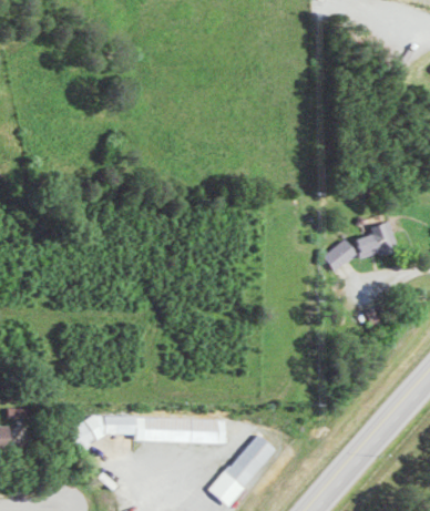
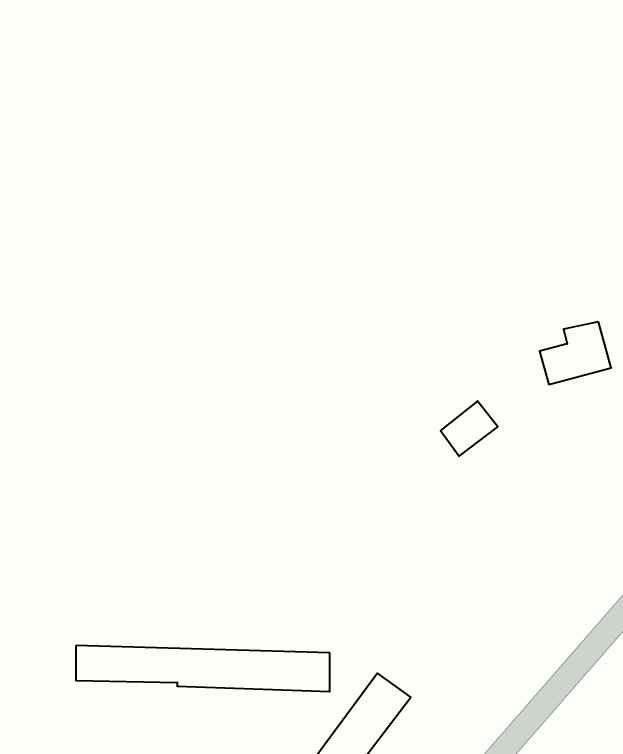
building: [322,239,357,273] -> [441,401,498,456]

